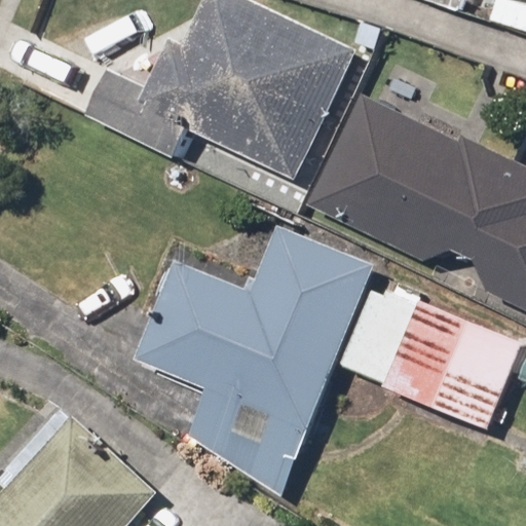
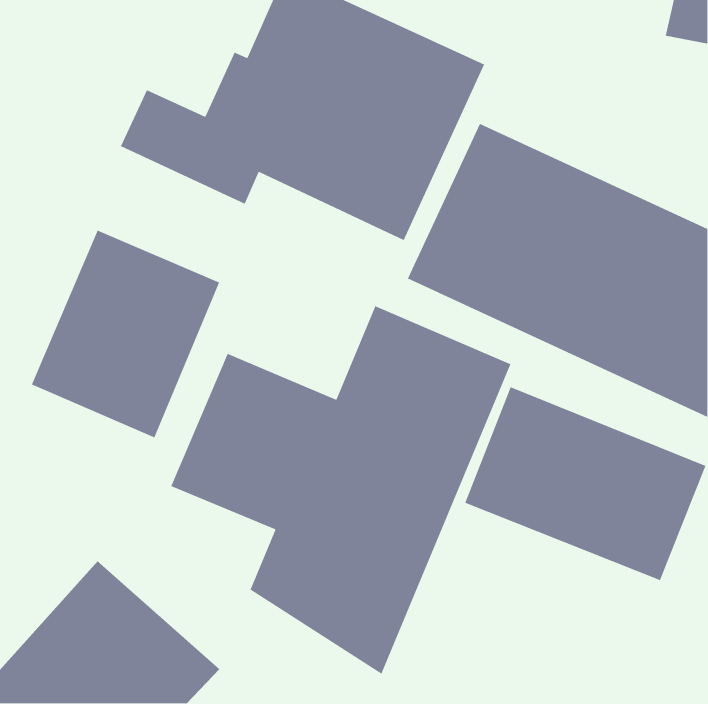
building: none -> [31,230,220,438]

